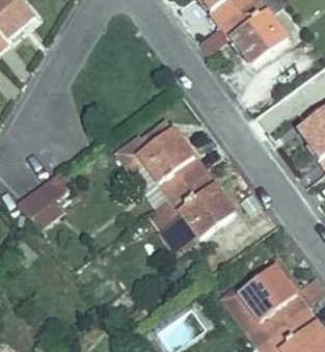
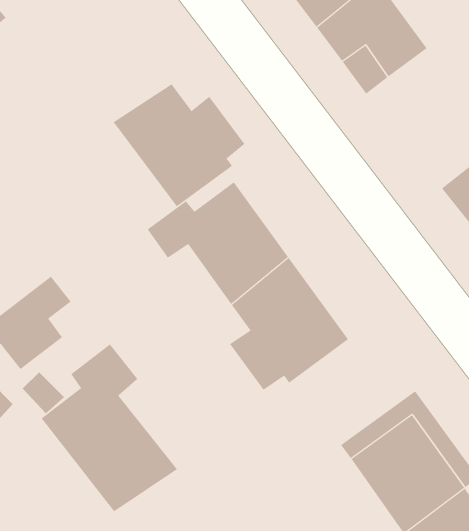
building: none -> [113,84,245,207]
building: none -> [41,344,178,512]

